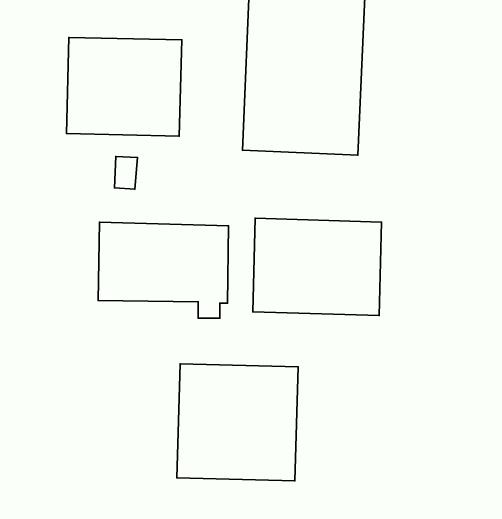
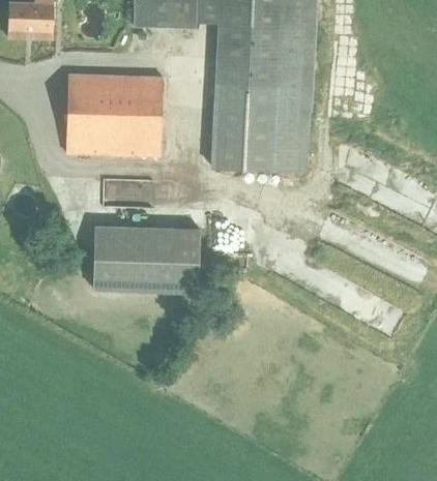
building: [253,218,382,316] -> none
building: [177,364,298,481] -> none

